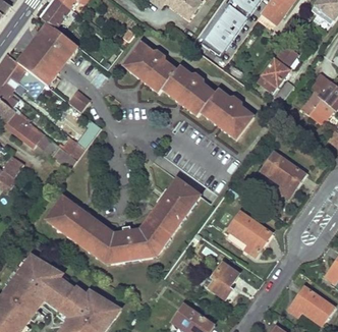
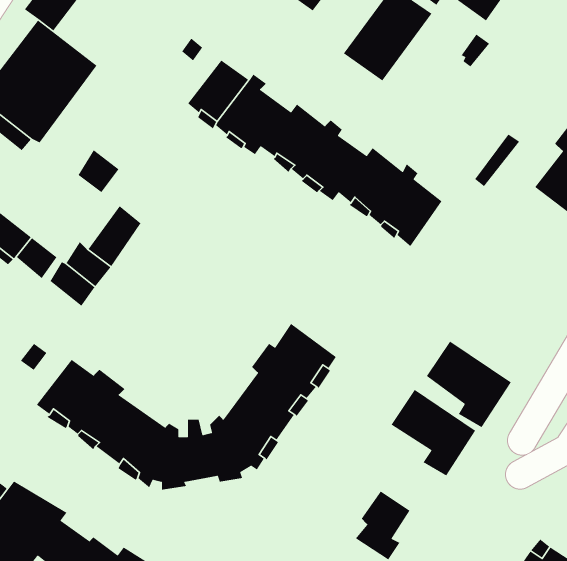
building: [262,42,297,85] -> none
building: [261,152,304,197] -> [426,340,512,428]

